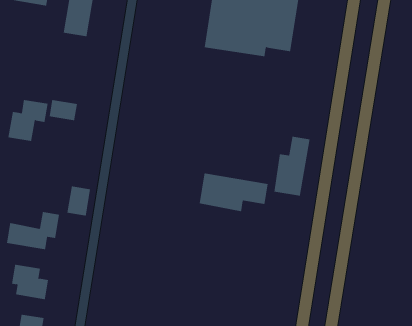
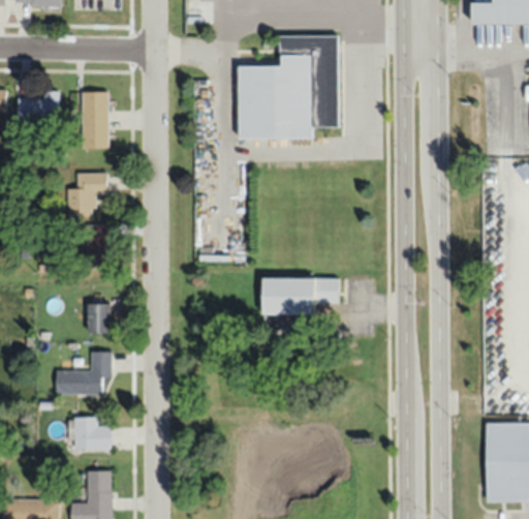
building: [8,99,48,141] -> [67,173,106,218]
building: [274,136,310,197] -> none
building: [67,186,91,216] -> [88,303,111,334]

